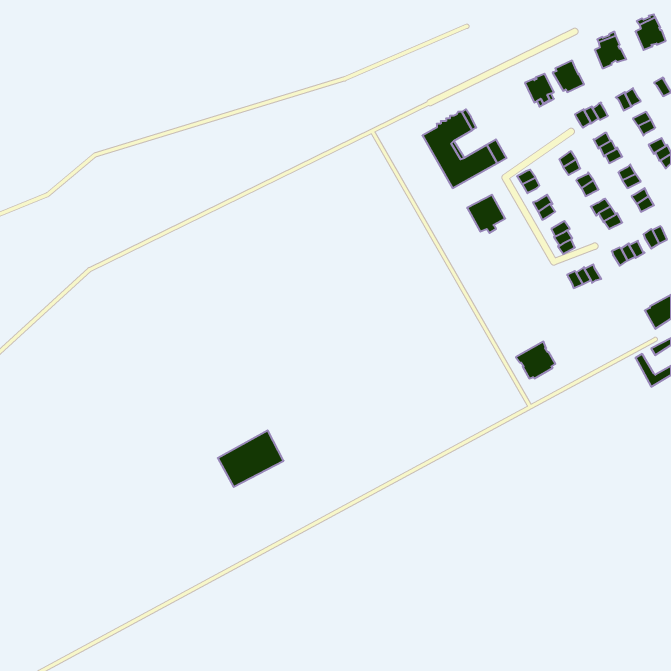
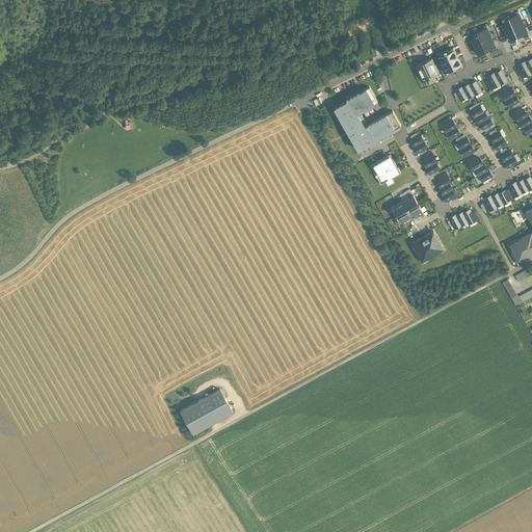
building: none -> [390,189,425,224]
building: [516,342,555,378] -> [410,231,442,260]
building: [218,430,284,487] -> [180,390,232,434]

